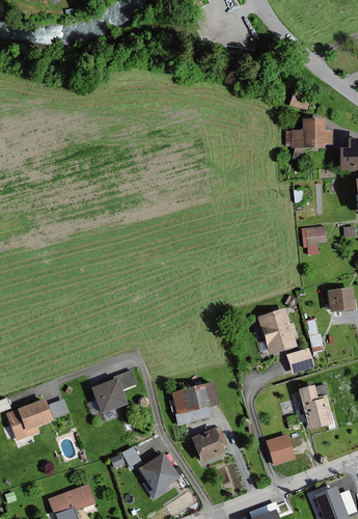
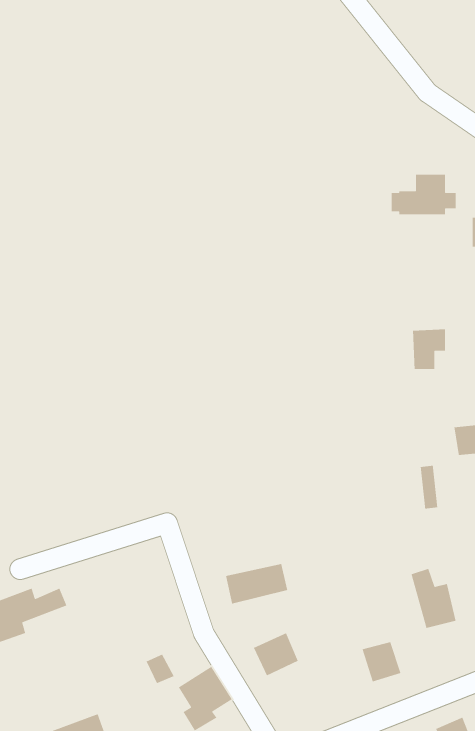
building: [258,309,296,354] -> none
building: [287,349,313,373] -> none
building: [92,372,136,413] -> none

